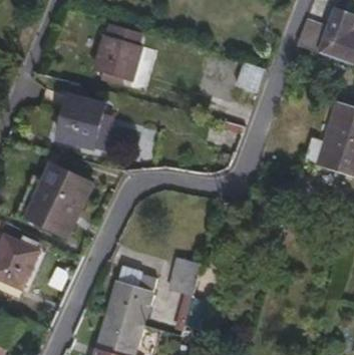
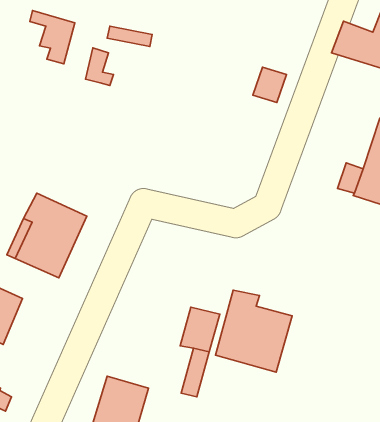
building: [96,32,133,76] -> [30,11,75,64]
building: [55,95,103,147] -> none
building: none -> [216,290,292,372]
building: [108,273,156,323] -> none

